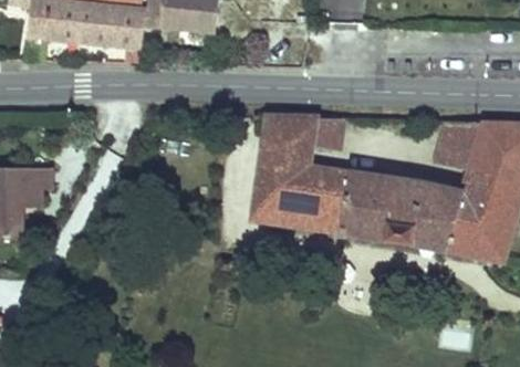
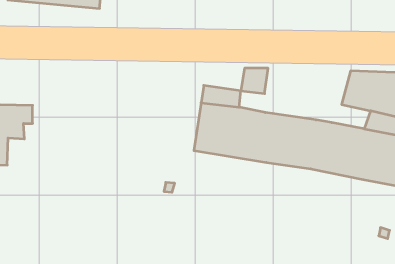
building: [267,117,316,147] -> none

